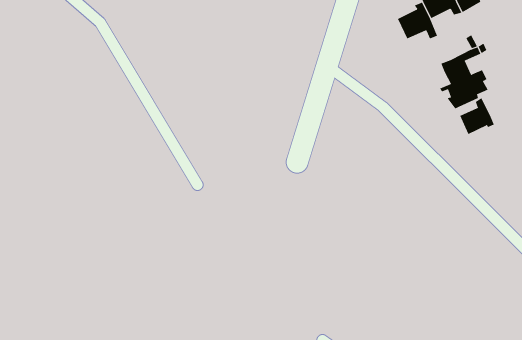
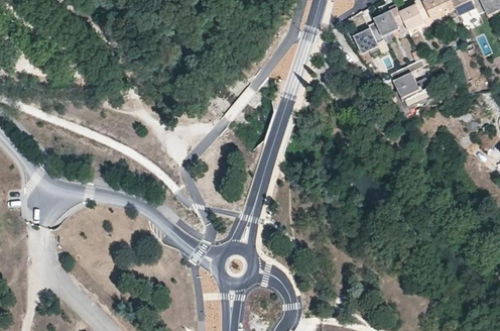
building: [459,97,494,135] -> none

